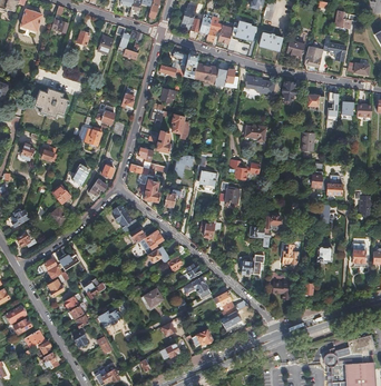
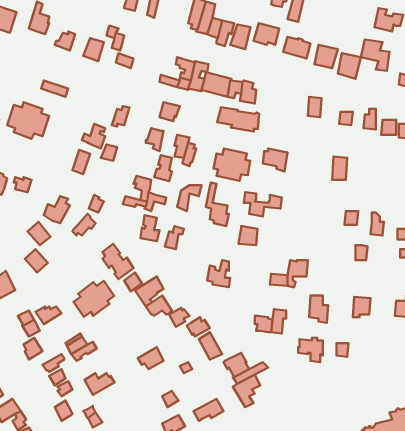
building: [244,76,279,96] -> [217,107,259,132]
building: none -> [213,149,250,181]
building: none -> [73,281,114,317]

